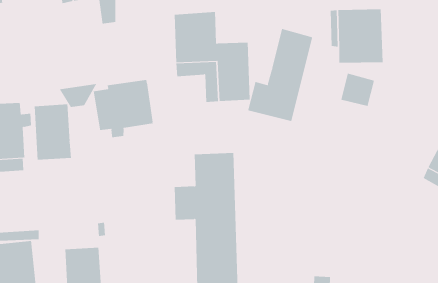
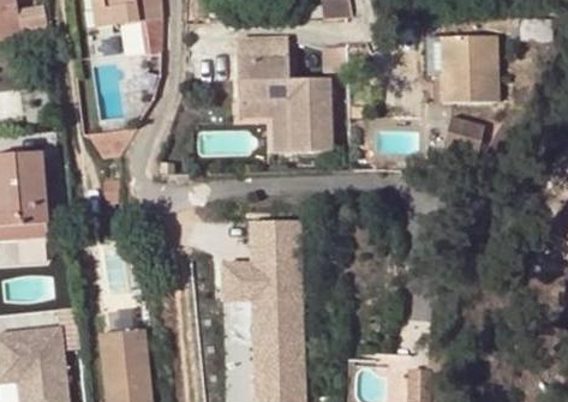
building: [247,28,313,122] -> none
building: [93,79,154,138] -> none
building: [34,104,71,161] -> none

